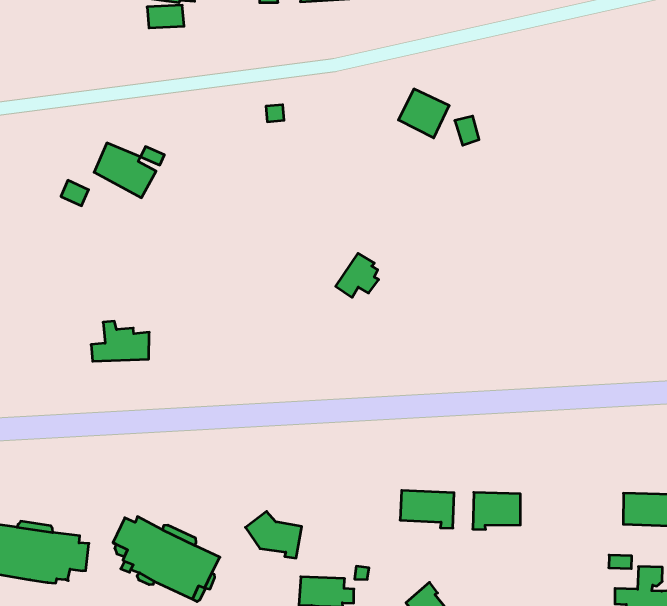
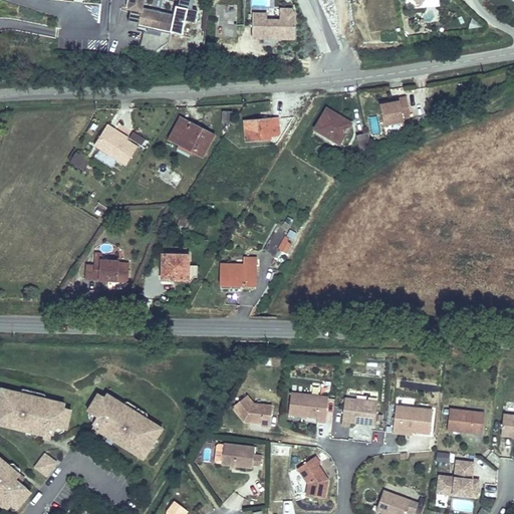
building: none -> [380,95,410,121]
building: none -> [244,118,280,138]
building: none -> [164,114,210,154]
building: none -> [217,258,255,284]
building: none -> [164,255,190,282]
building: none -> [393,405,433,434]
building: [245,511,302,558] -> [234,395,274,430]

